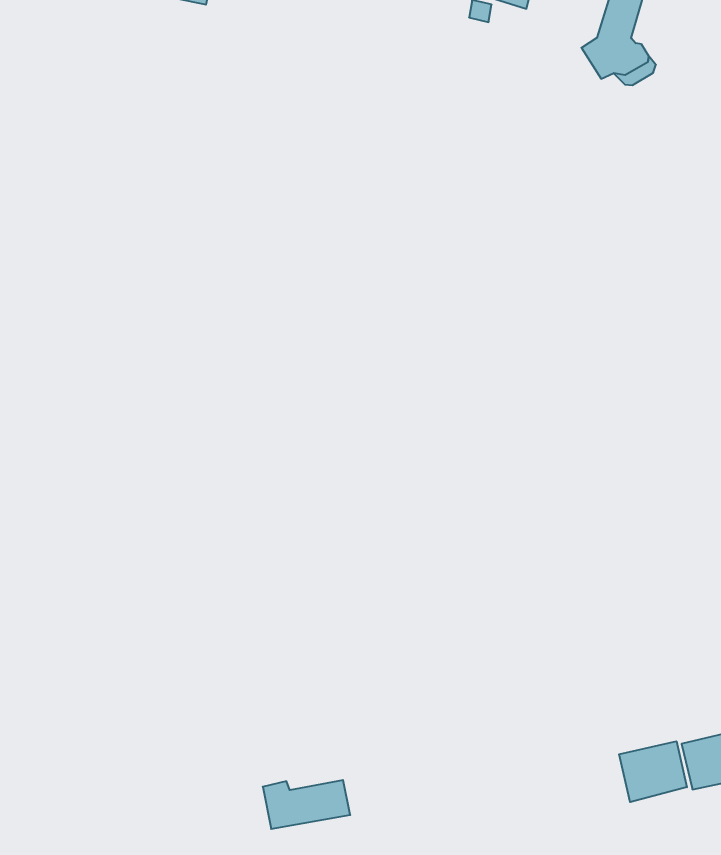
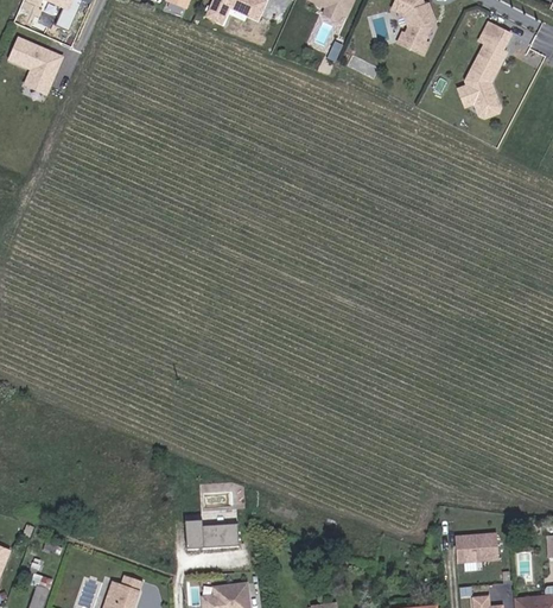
building: [619,741,687,802] -> none

